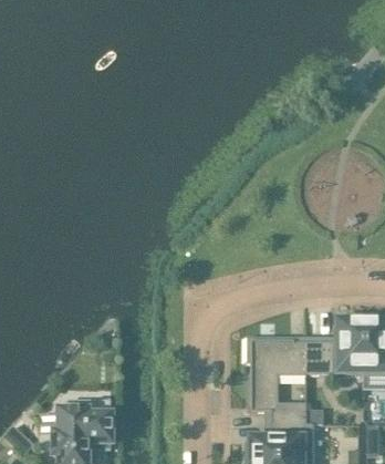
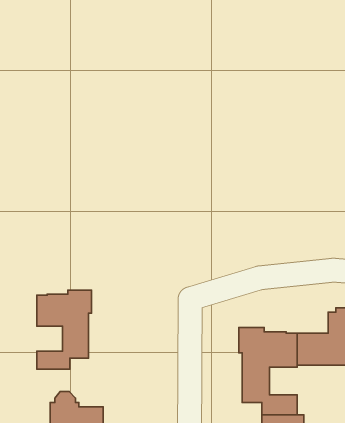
building: none -> [37,290,91,369]

